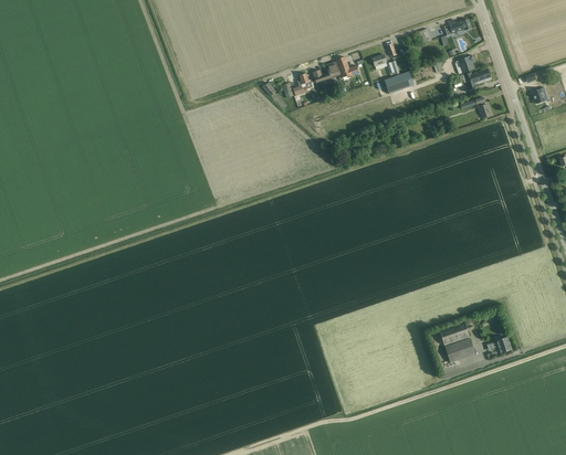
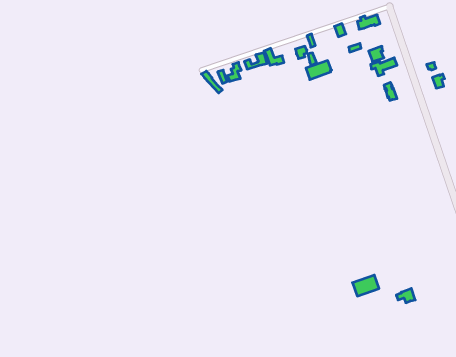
building: [444,339,475,363] -> none

